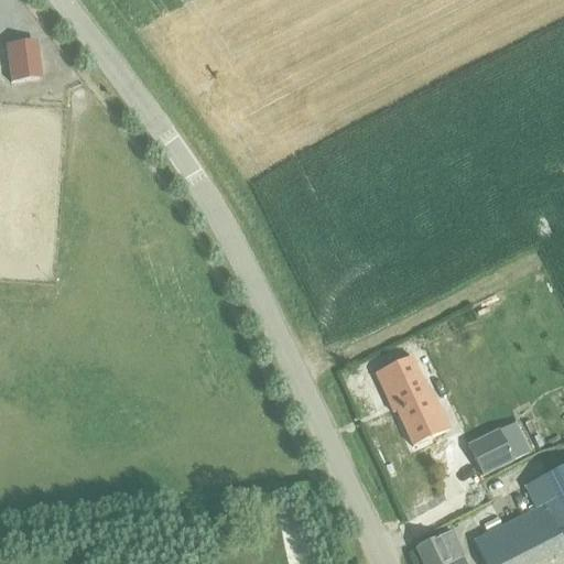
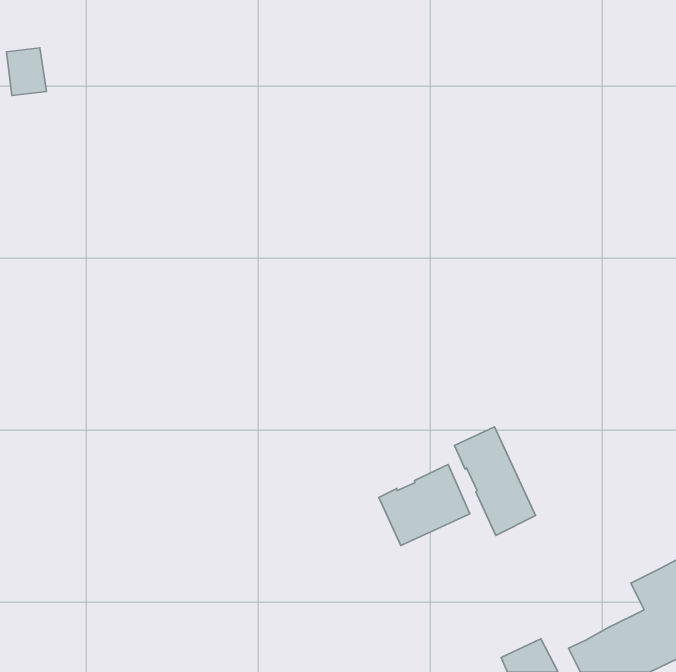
building: none -> [379,465,470,546]
building: [468,420,531,474] -> none

